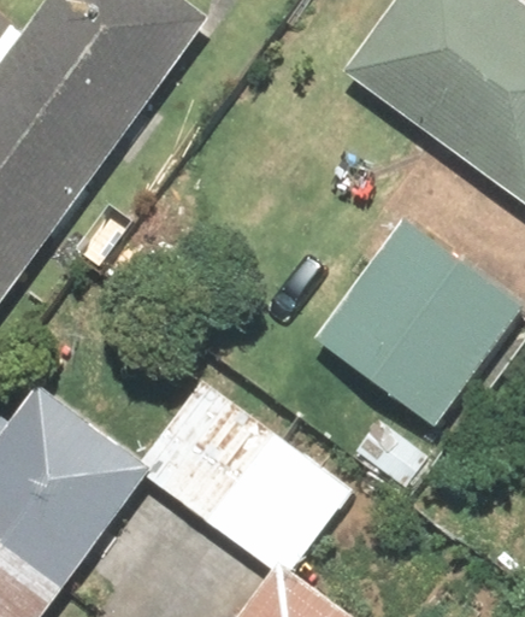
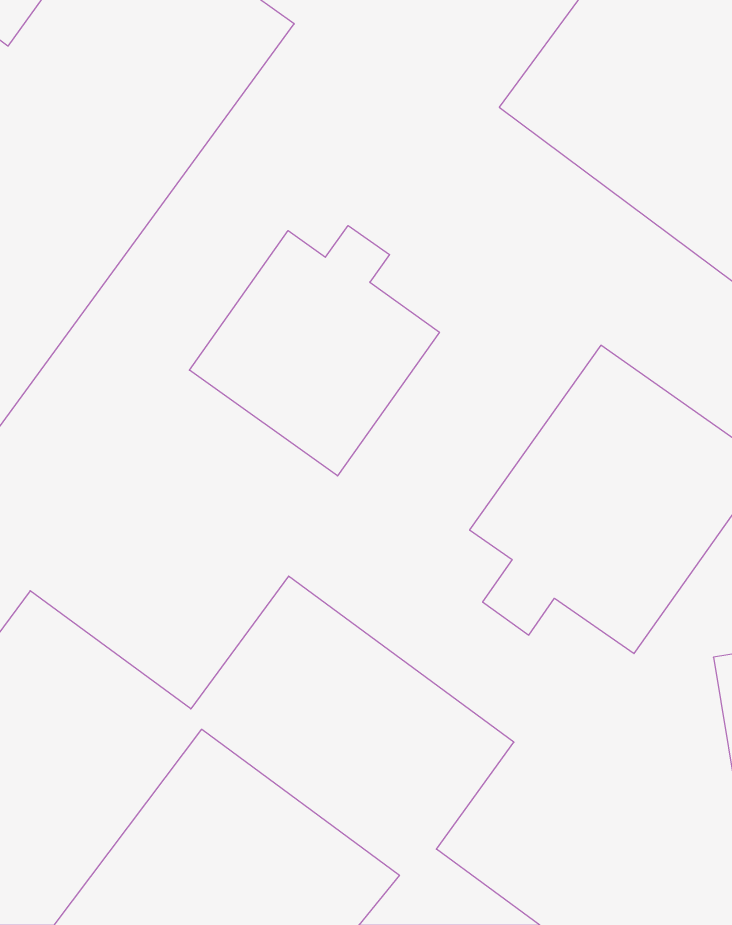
building: none -> [189,226,439,476]

